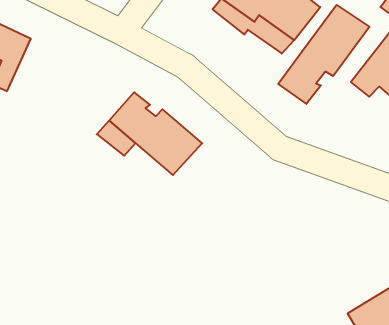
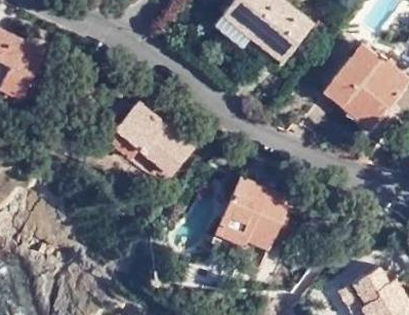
building: [278,5,369,104] -> none
building: none -> [216,184,291,247]

